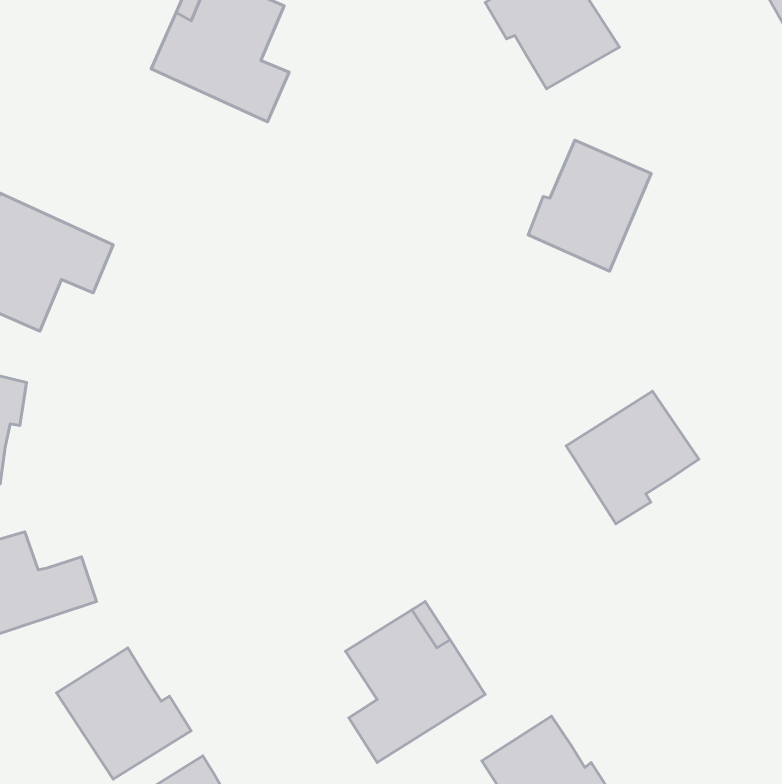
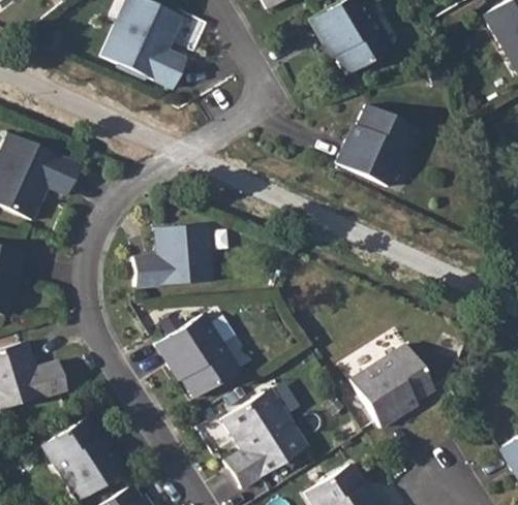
building: none -> [132,224,213,287]
building: [566,391,699,524] -> [348,344,431,427]
building: none -> [153,315,237,399]

